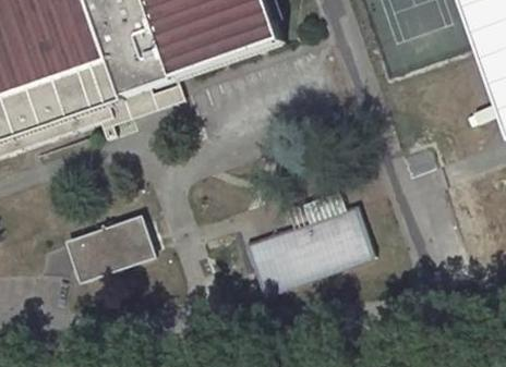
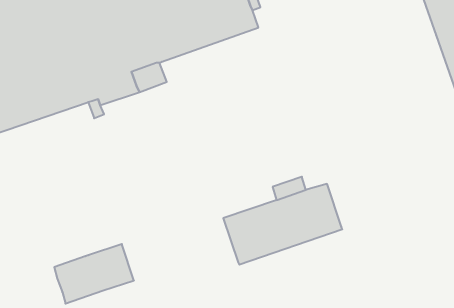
building: [69,216,155,280] -> [54,244,134,304]

